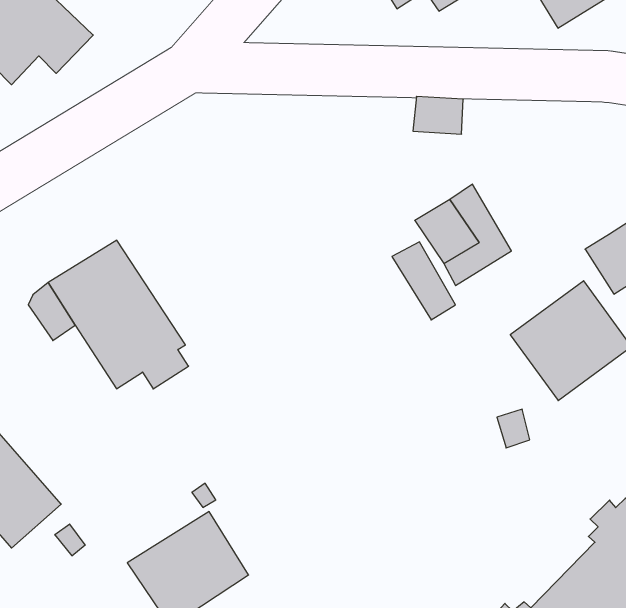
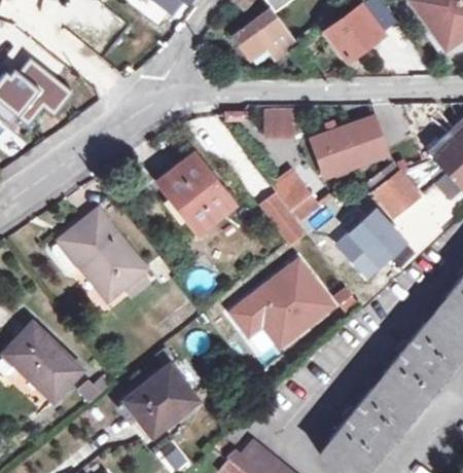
building: none -> [311,116,387,176]
building: none -> [157,154,235,233]
building: none -> [233,260,335,344]

